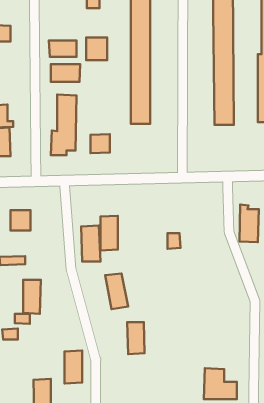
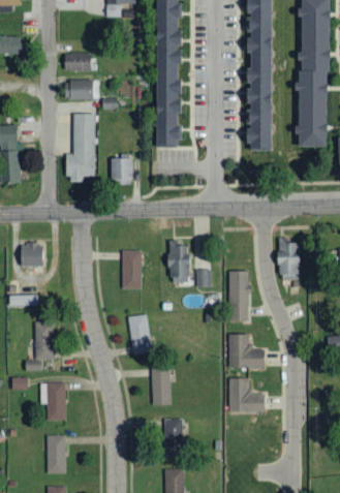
building: [86,37,107,60] -> none
building: [81,226,101,261] -> [168,242,190,282]
building: none -> [228,271,249,321]
building: none -> [228,335,265,369]
building: [65,350,82,384] -> [47,382,66,420]
building: none -> [165,418,183,455]
building: [204,368,237,399] -> [228,378,266,413]

